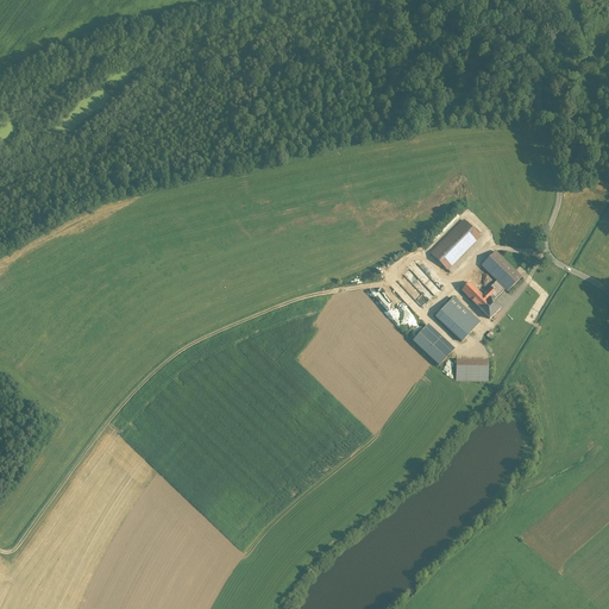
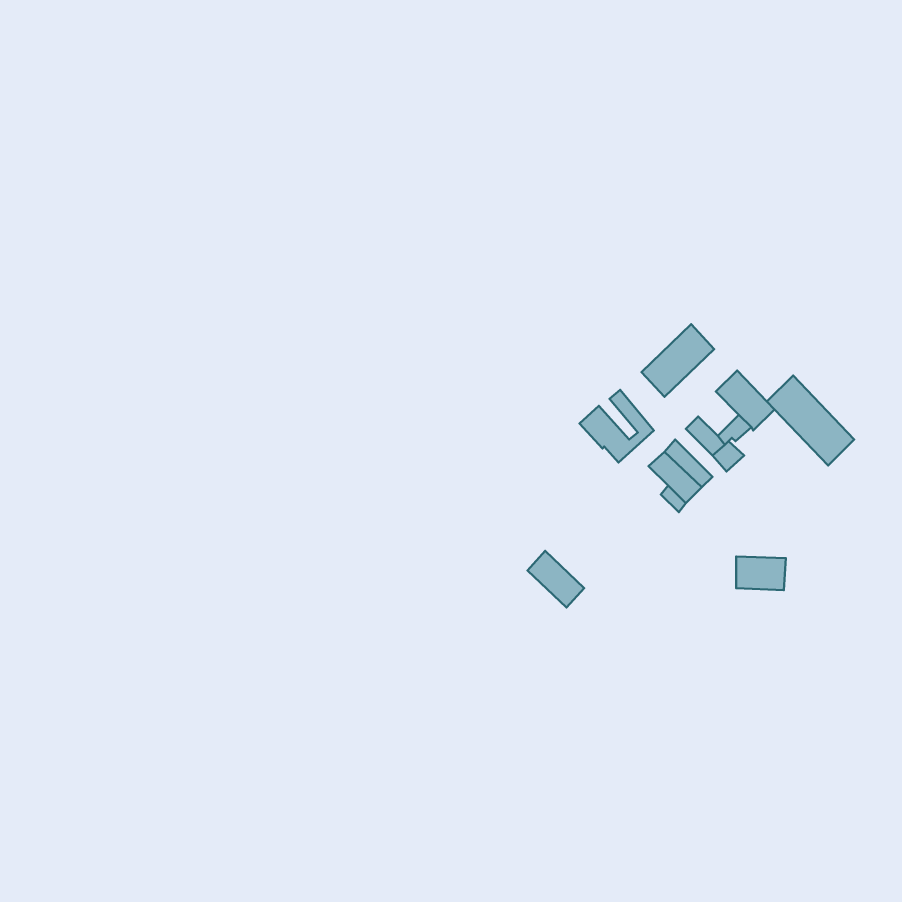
building: none -> [767,376,854,466]
building: [410,326,448,364] -> [528,551,584,608]
building: [453,358,486,381] -> [736,556,786,590]

